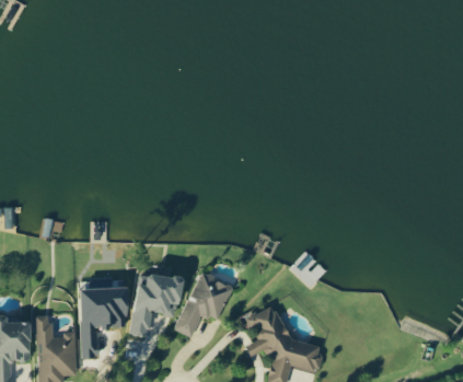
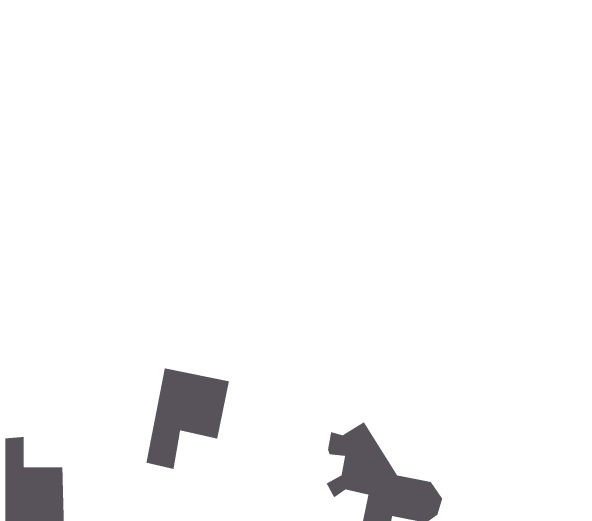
building: [174,270,233,337] -> none
building: [80,286,128,358] -> none

